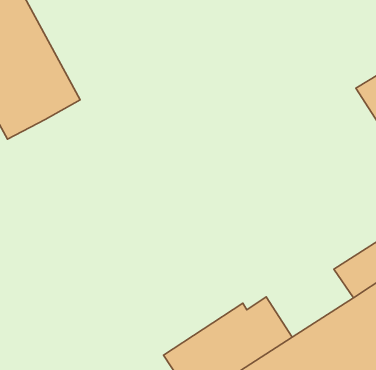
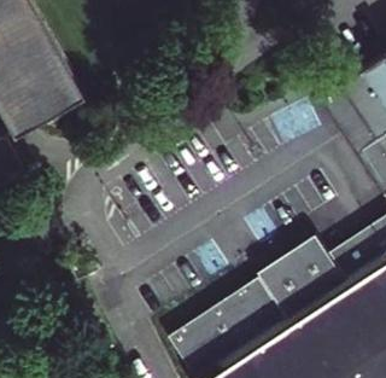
building: none -> [253,233,341,319]

